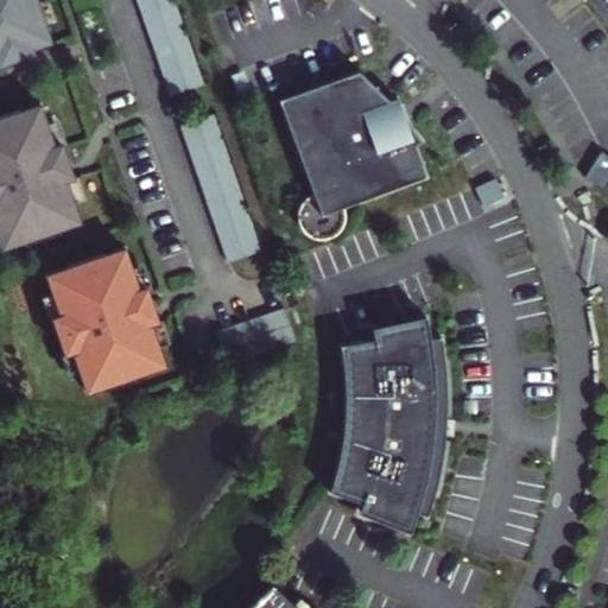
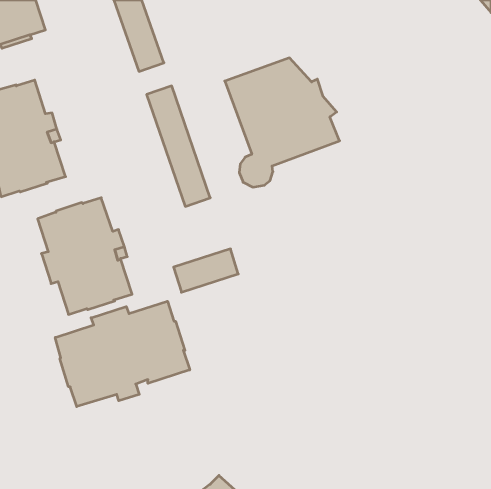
building: [330,321,448,538] -> none
building: none -> [55,301,190,407]

